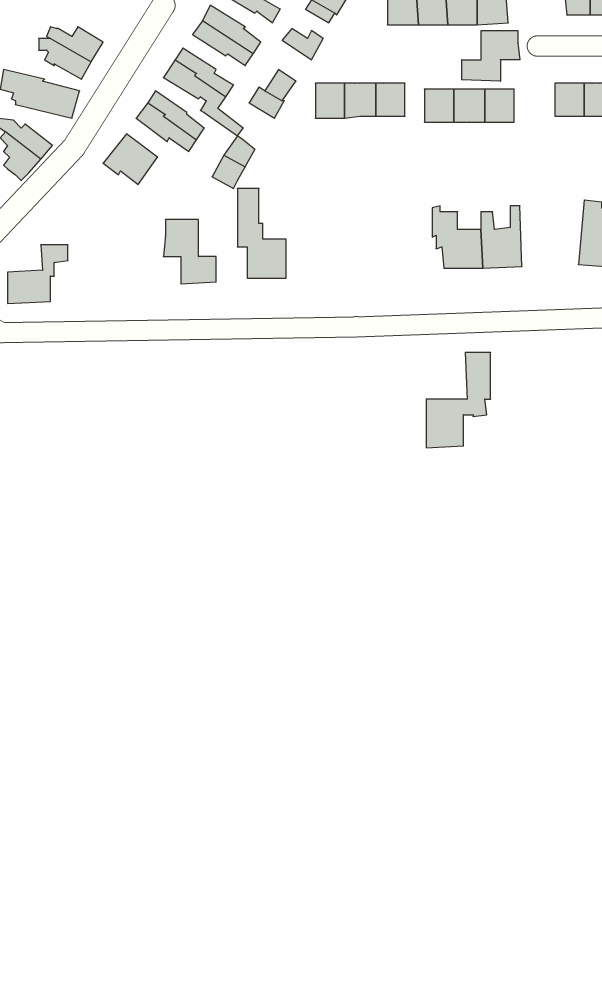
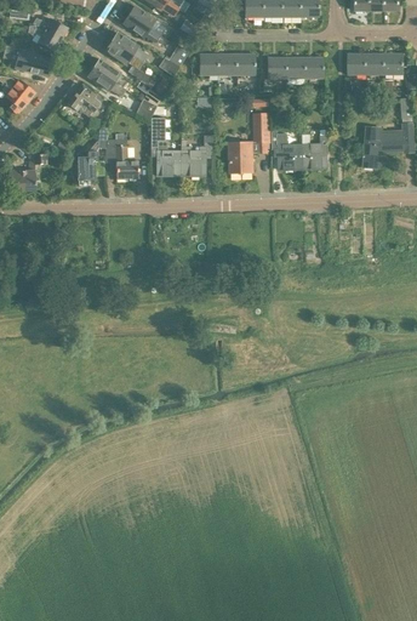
building: [462,31,520,81] -> none
building: none -> [76,126,105,184]
building: none -> [181,136,211,175]
building: [426,352,491,448] -> [229,113,269,172]

